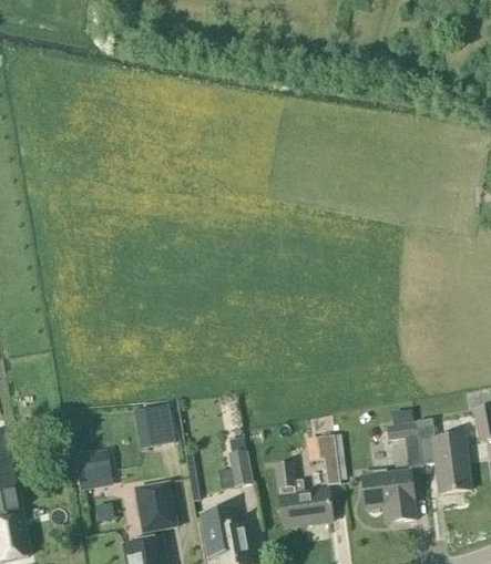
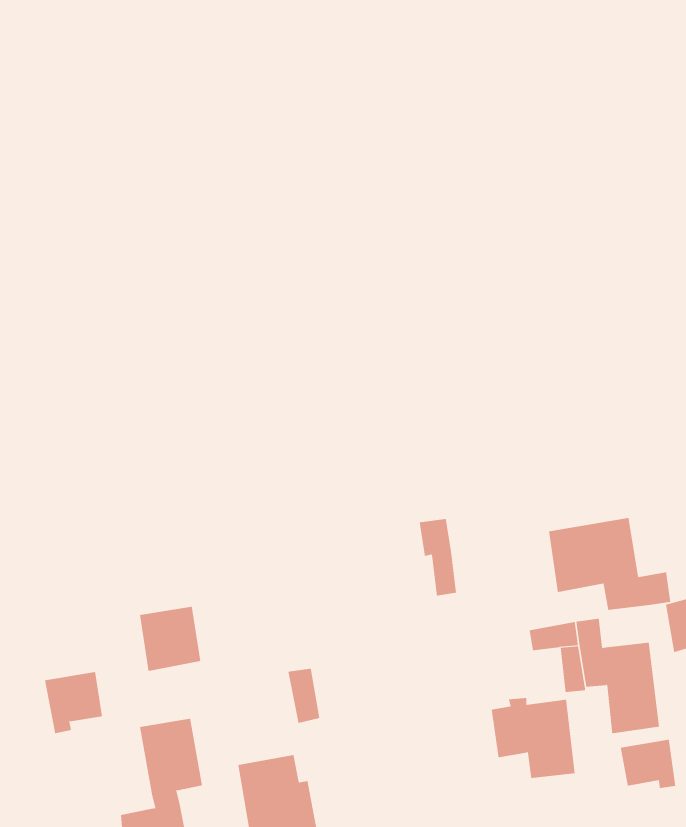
building: none -> [549,517,671,611]
building: [316,433,340,483] -> [419,519,457,596]
building: [267,461,331,524] -> none
building: none -> [620,739,676,789]

